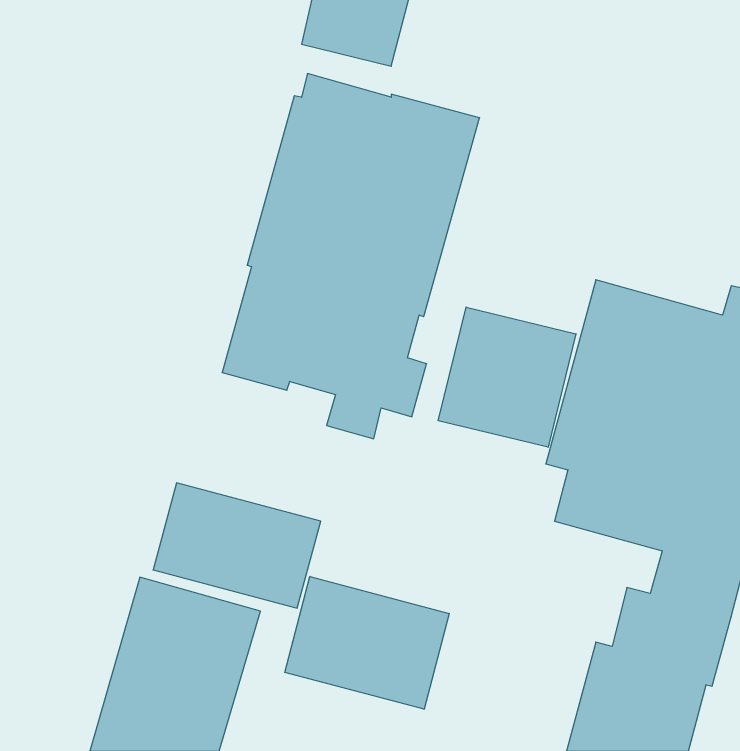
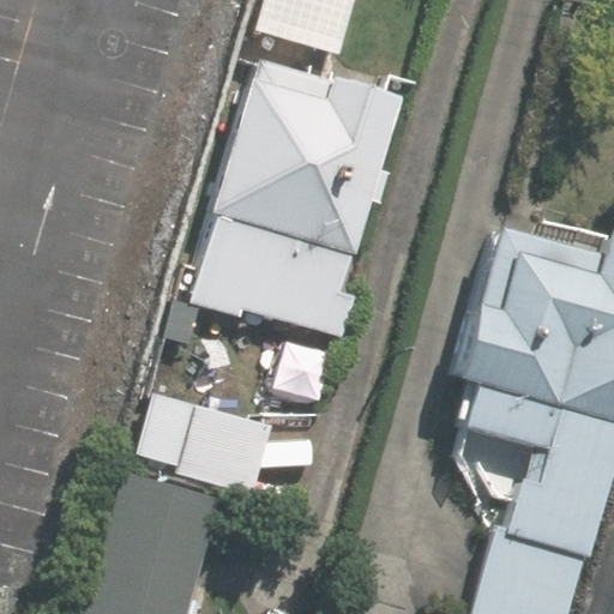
building: [438,307,576,447] -> none
building: [285,576,449,709] -> none

